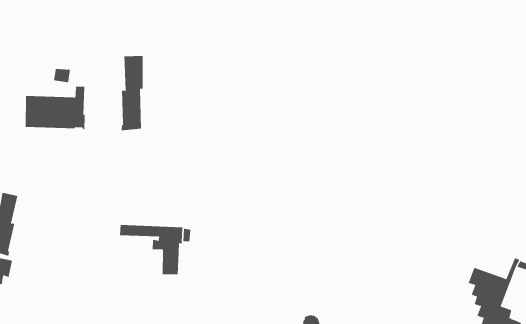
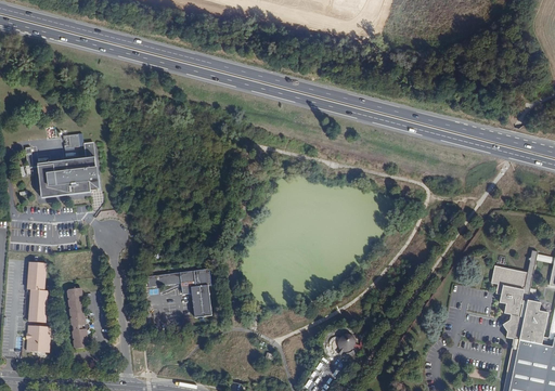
building: [121,55,143,131] -> none
building: none -> [67,287,91,349]

